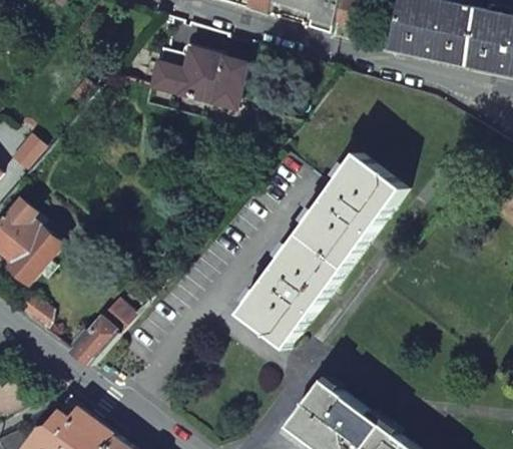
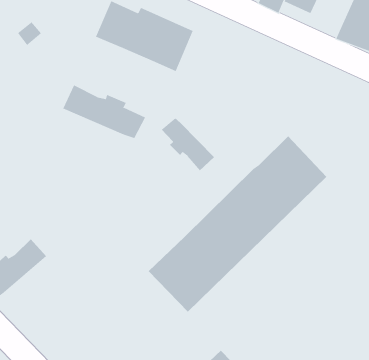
building: none -> [62,85,146,139]
building: none -> [161,117,215,171]

